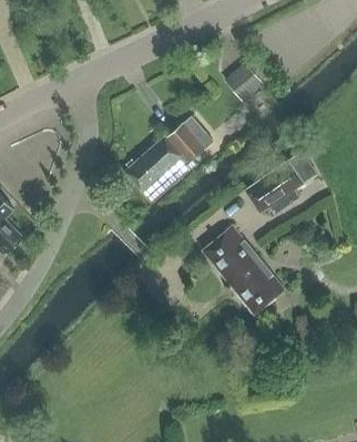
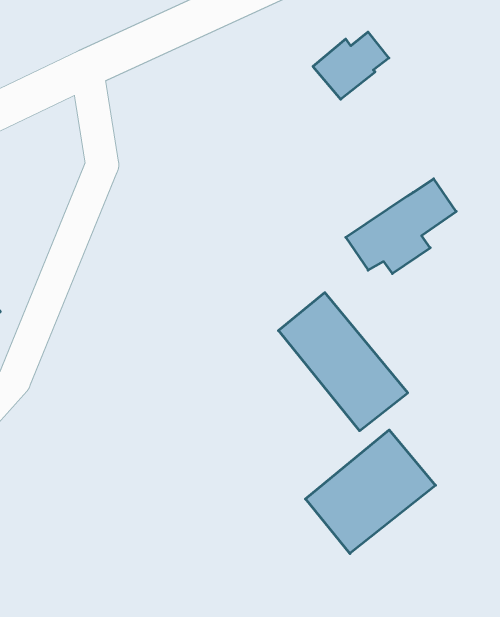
building: [124,116,213,203] -> none
building: none -> [305,430,436,554]

